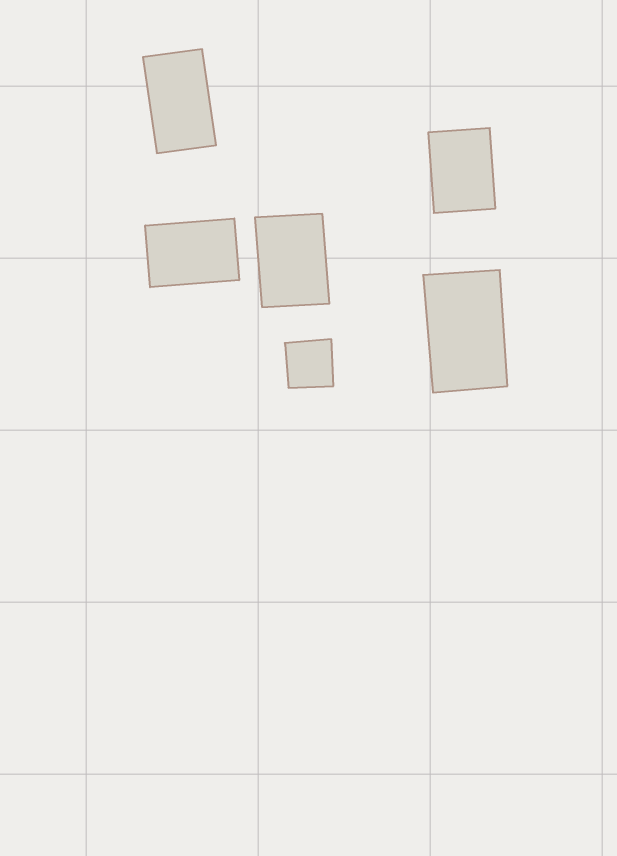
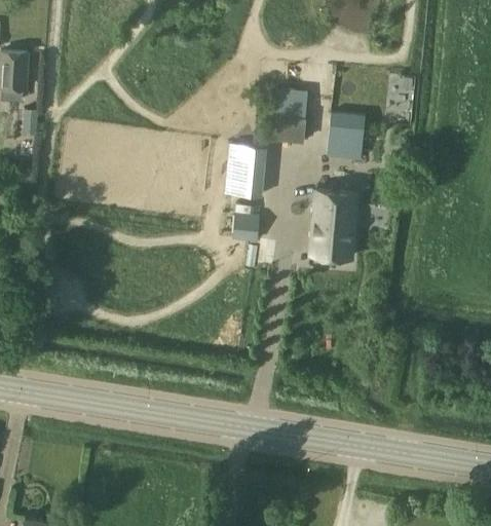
building: [143,49,216,153] -> [271,83,305,138]
building: [145,218,239,287] -> none

